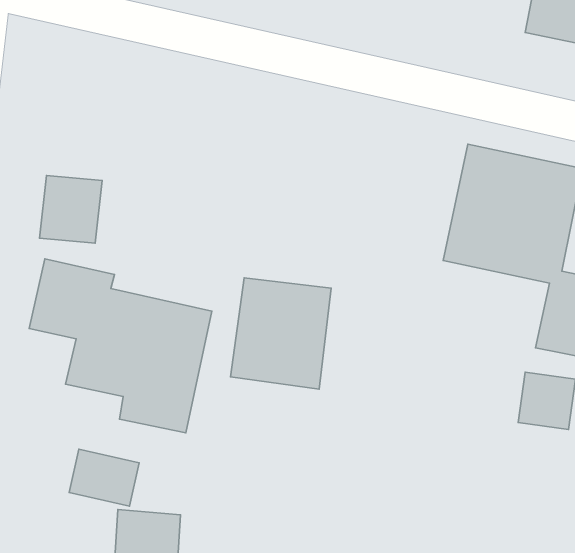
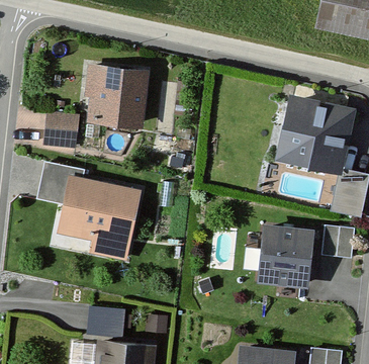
building: none -> [84,63,149,126]
building: [230,278,331,389] -> [257,223,315,288]
building: [69,449,139,506] -> none

